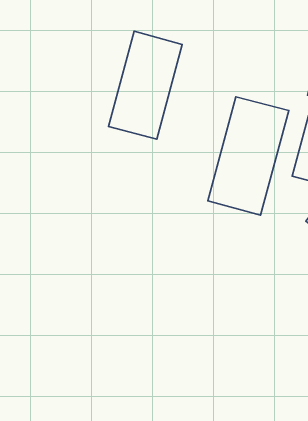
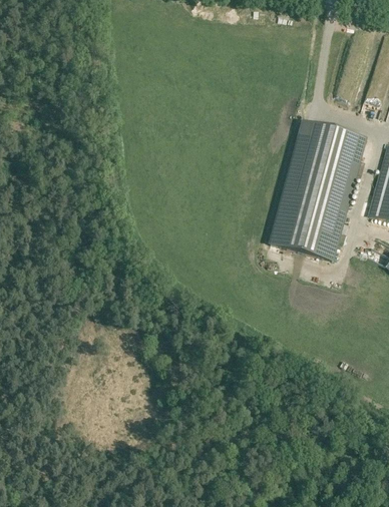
building: [109,31,182,139] -> none

